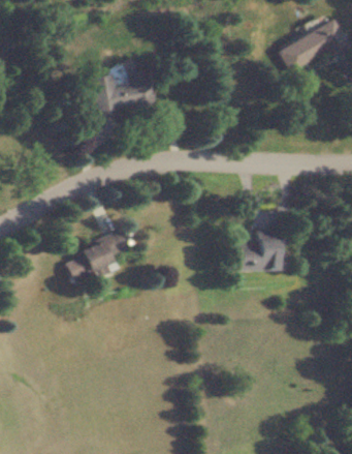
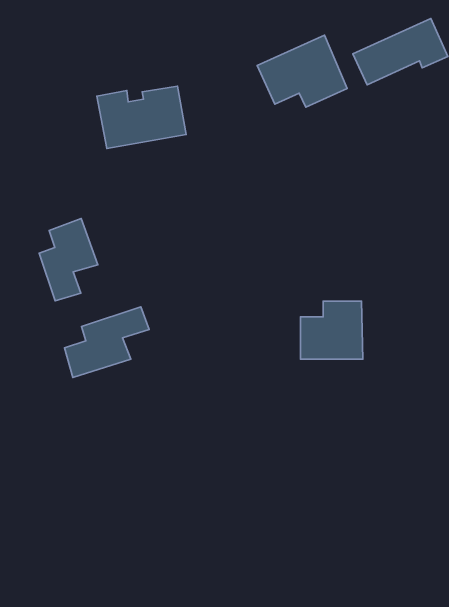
building: none -> [257,35,347,107]
building: none -> [39,219,98,301]

